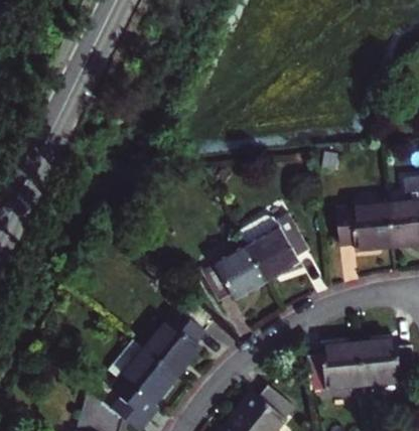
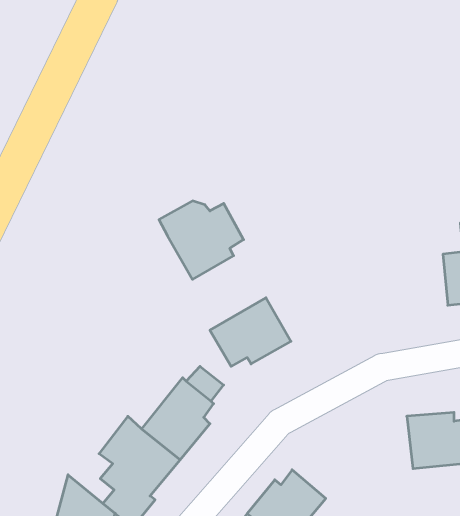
building: [336,210,393,255] -> none
building: [239,218,307,281] -> [159,201,244,279]
building: [309,341,365,389] -> none

